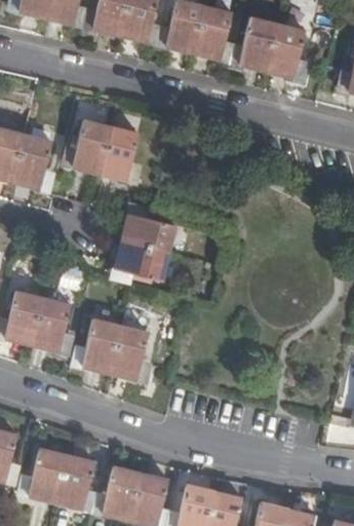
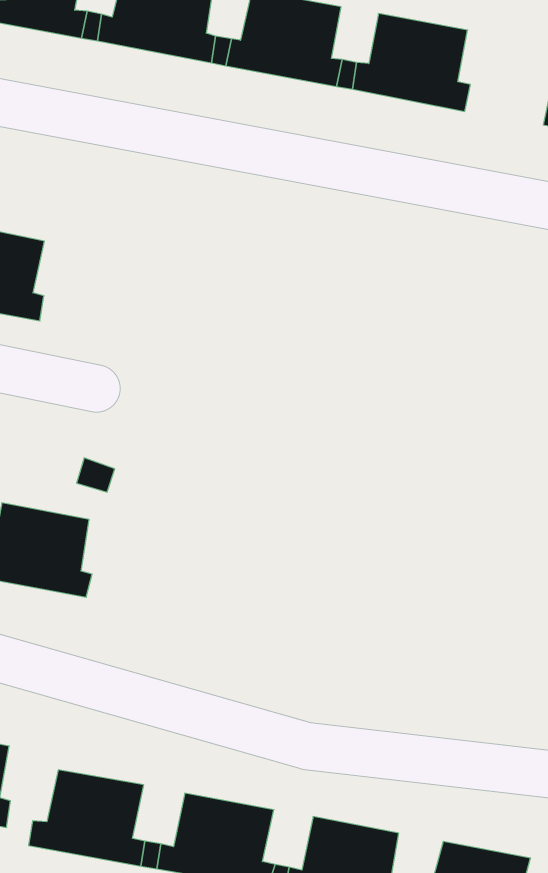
building: [66,121,136,182] -> none
building: [113,210,172,278] -> none
building: [76,321,147,380] -> none

